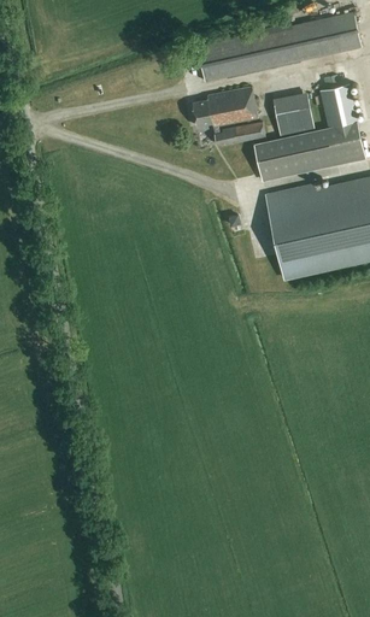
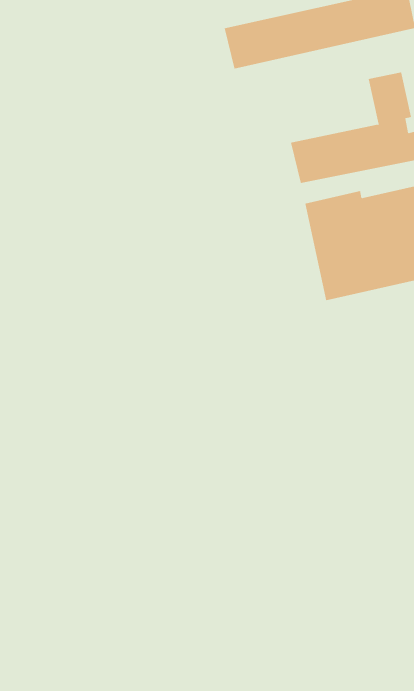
building: [192,88,264,146] -> none
building: [271,93,313,135] -> none

